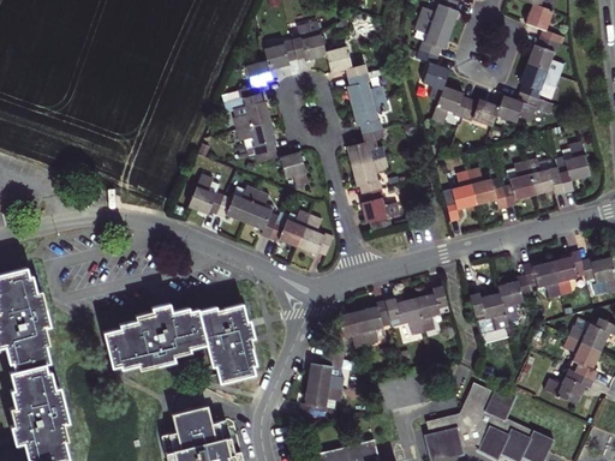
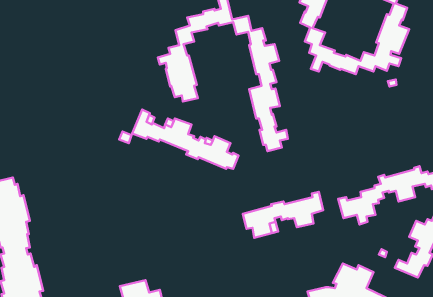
building: [446,142,589,222] -> none
building: [281,151,310,188] -> none
building: [103,303,256,382] -> none
building: [300,348,344,415] -> none

